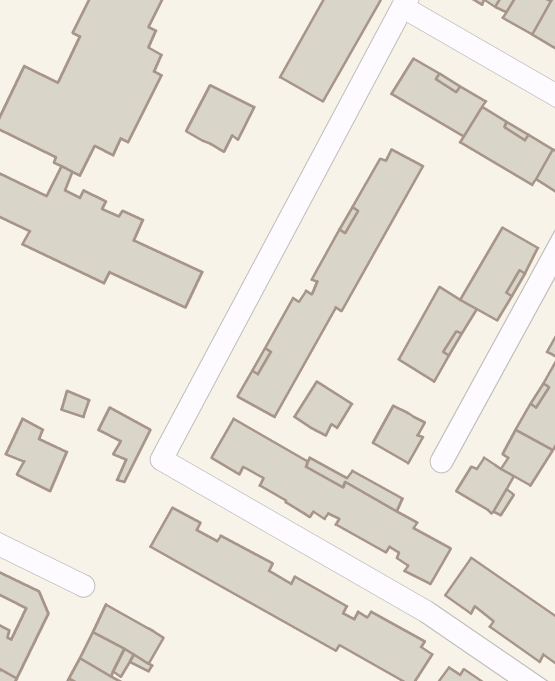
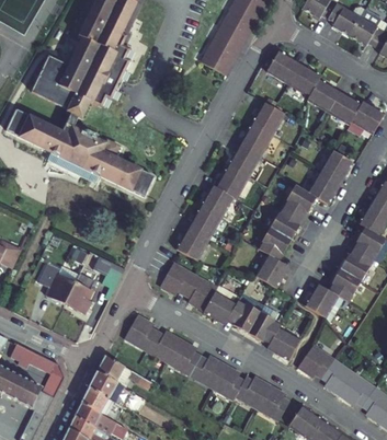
building: [186,85,254,152] -> none
building: [294,382,352,435] -> [257,228,291,259]
building: none -> [64,275,93,315]
building: none -> [96,357,151,390]

